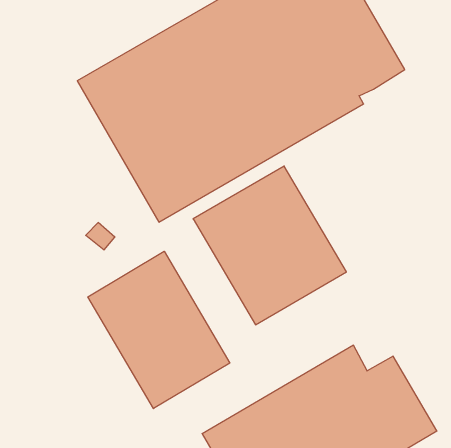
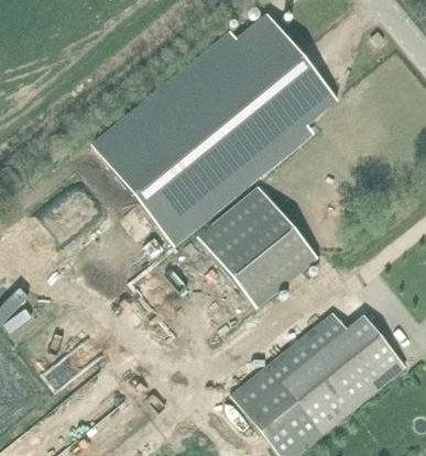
building: [88,251,230,409] -> none

